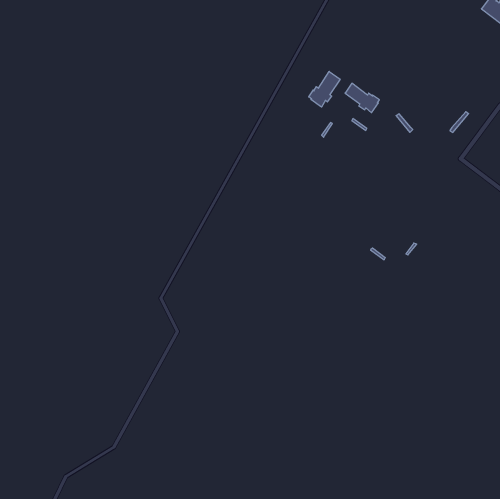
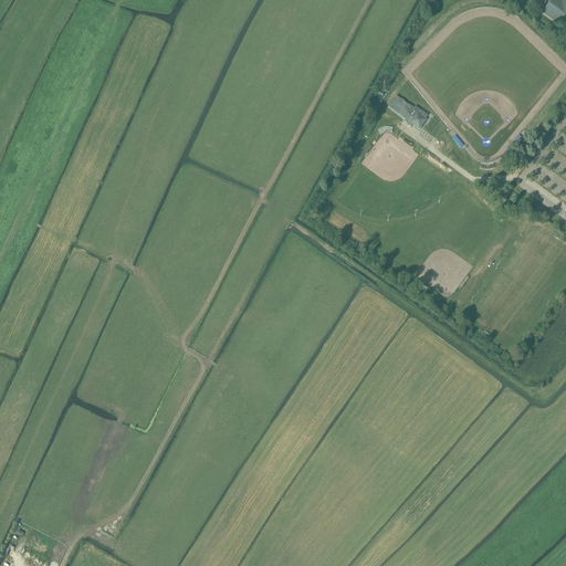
building: [309,71,340,107] -> none

